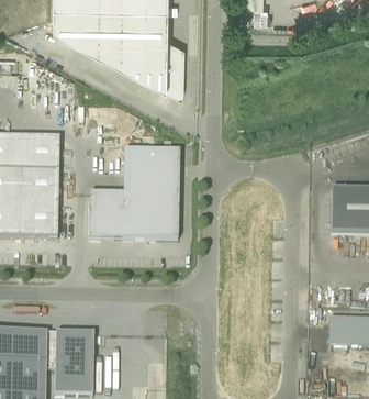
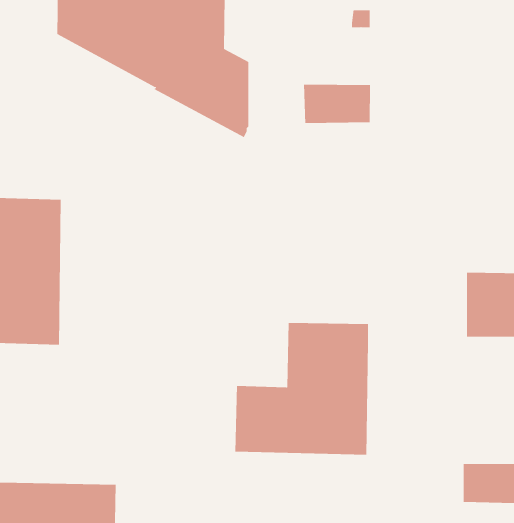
building: none -> [304,84,371,124]
building: [88,151,179,241] -> [235,322,369,455]

